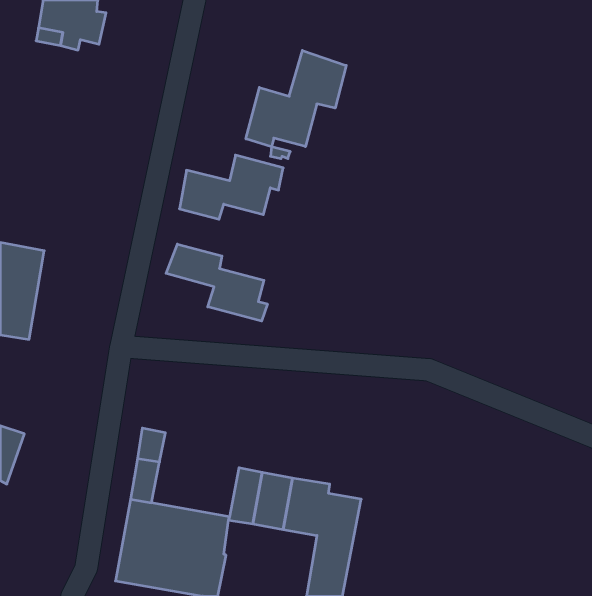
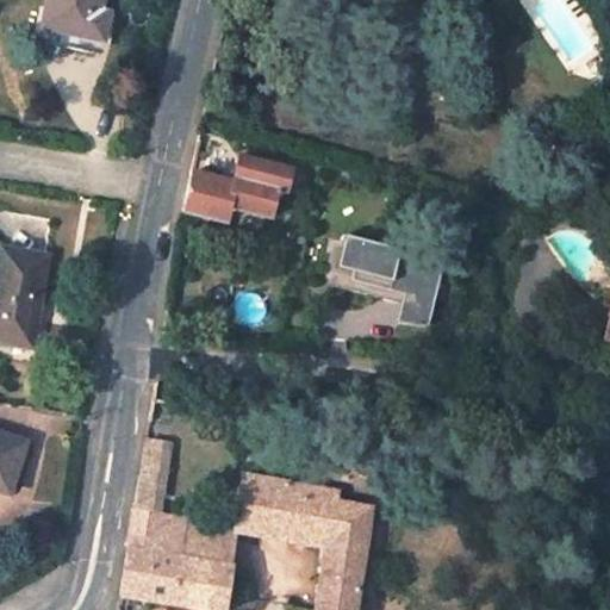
building: [246,50,346,147] -> none
building: none -> [335,235,441,325]
building: [166,244,267,321] -> none

